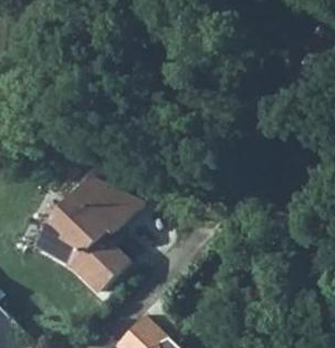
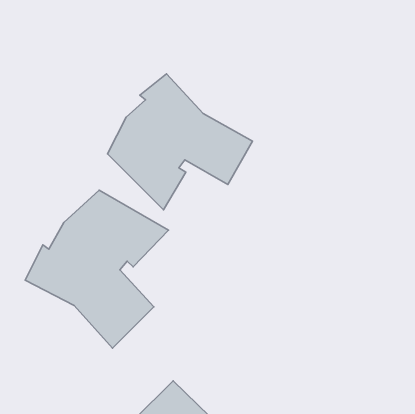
building: none -> [107,74,253,210]

